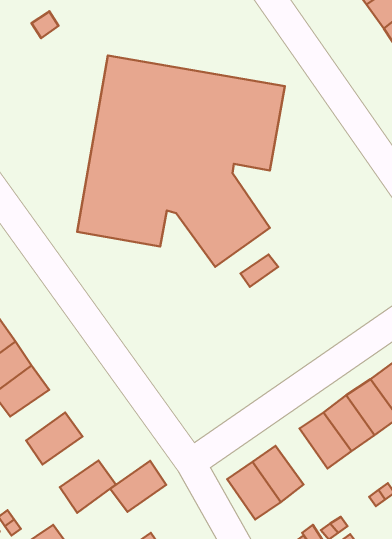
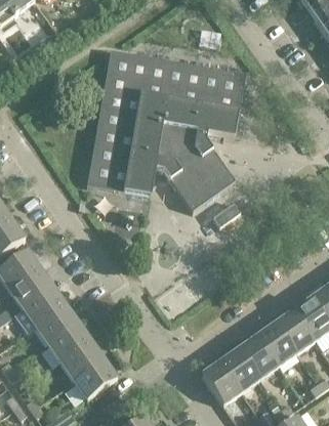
building: none -> [36,305,78,344]
building: none -> [239,335,279,378]
building: [110,461,166,512] -> [60,341,104,380]

